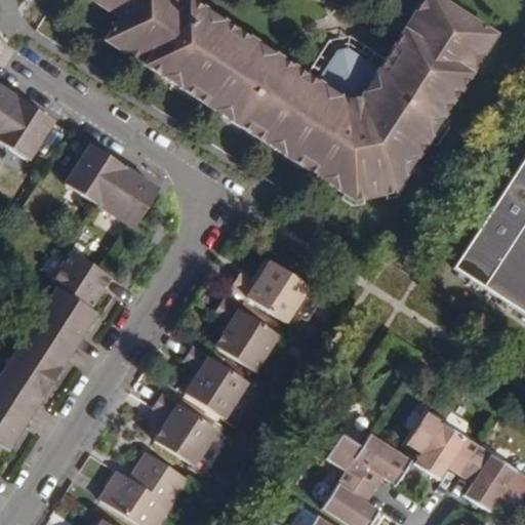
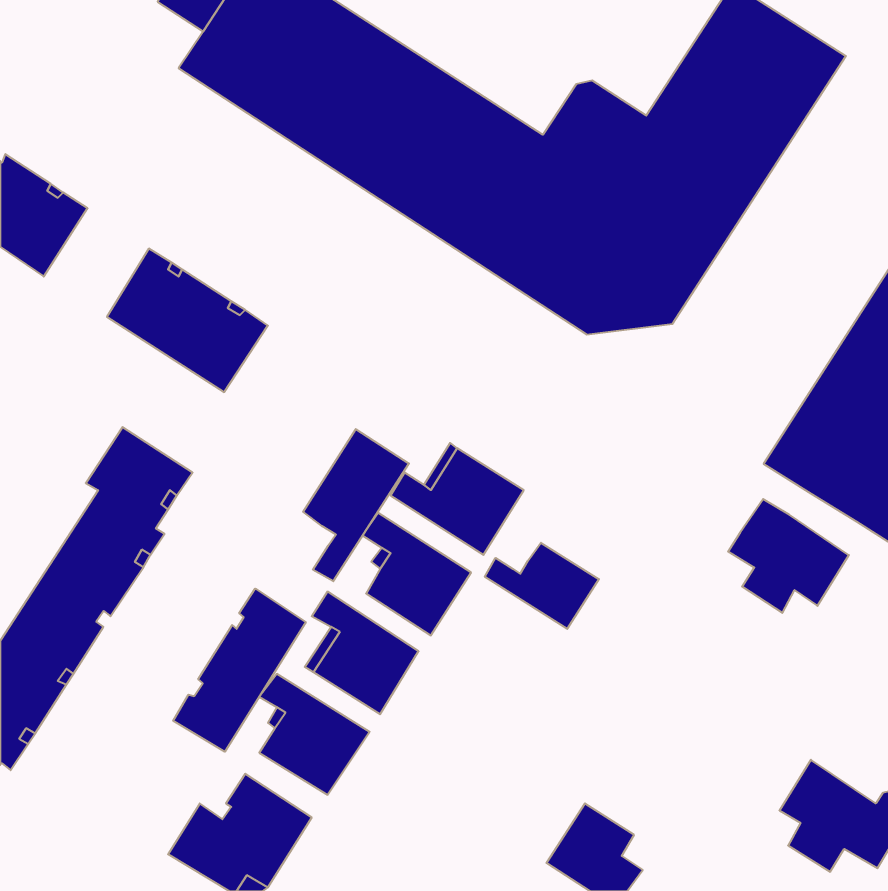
building: none -> [303,429,409,581]
building: none -> [485,543,599,629]
building: none -> [173,589,306,752]
building: [408,412,479,479] -> [728,499,849,613]
building: [327,434,412,489] -> none

